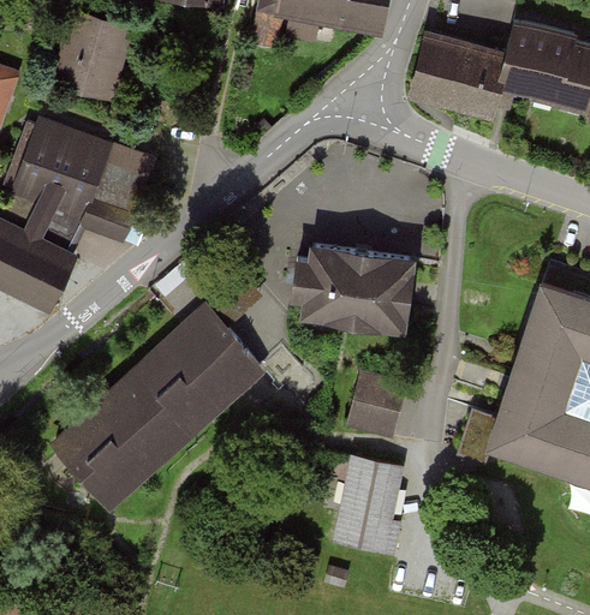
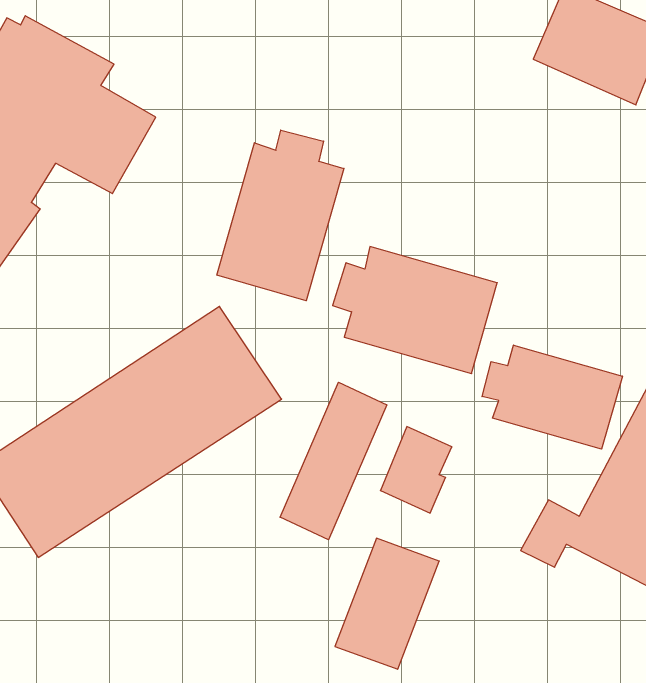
building: none -> [217,130,344,301]
building: none -> [482,345,622,449]
building: none -> [280,382,387,540]

